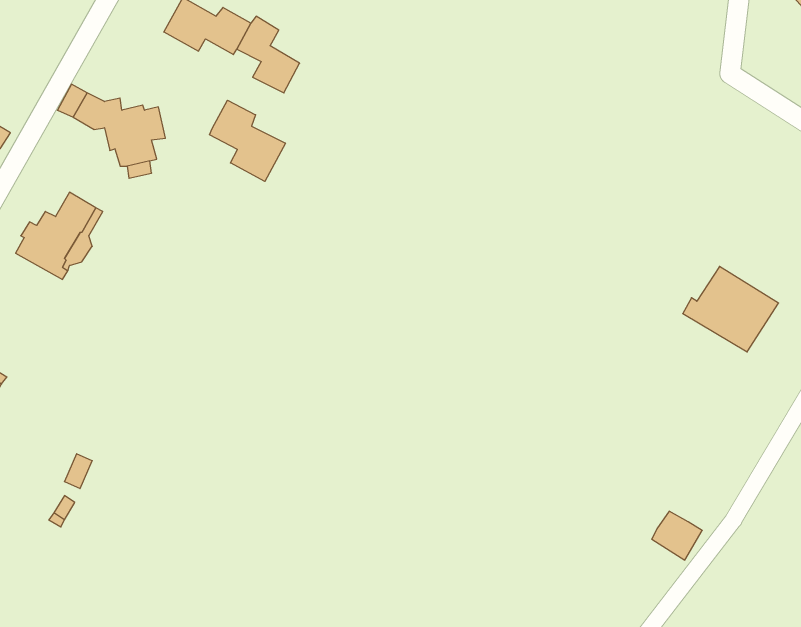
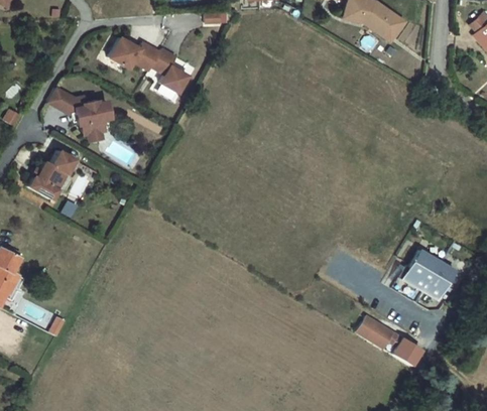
building: [209,100,285,181] -> none
building: [683,266,779,352] -> [401,249,457,298]
building: none -> [357,315,403,348]

